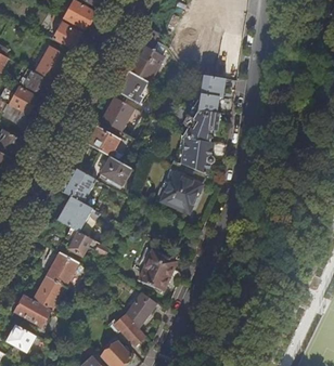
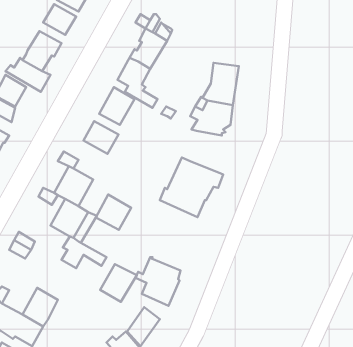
building: [183,136,216,174] -> none
building: [100,157,131,188] -> [96,194,131,230]
building: [47,253,79,287] -> [100,264,137,302]

